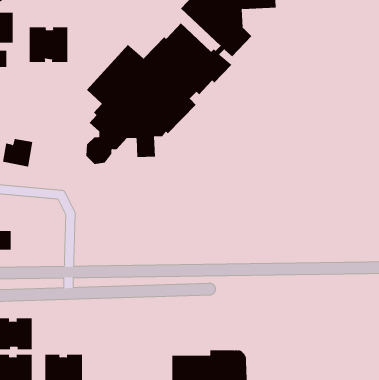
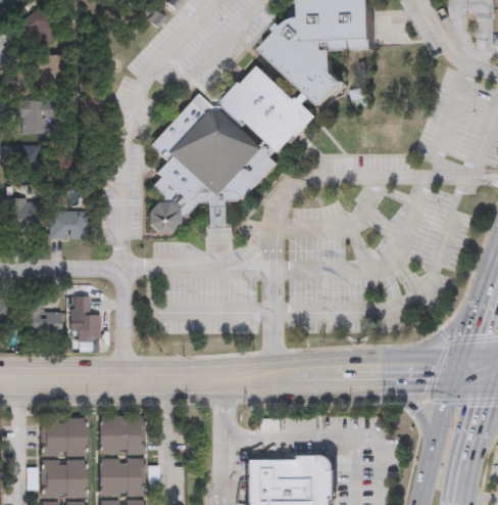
building: [29,27,68,63] -> none
building: none -> [74,296,99,341]
building: none -> [99,416,144,454]

